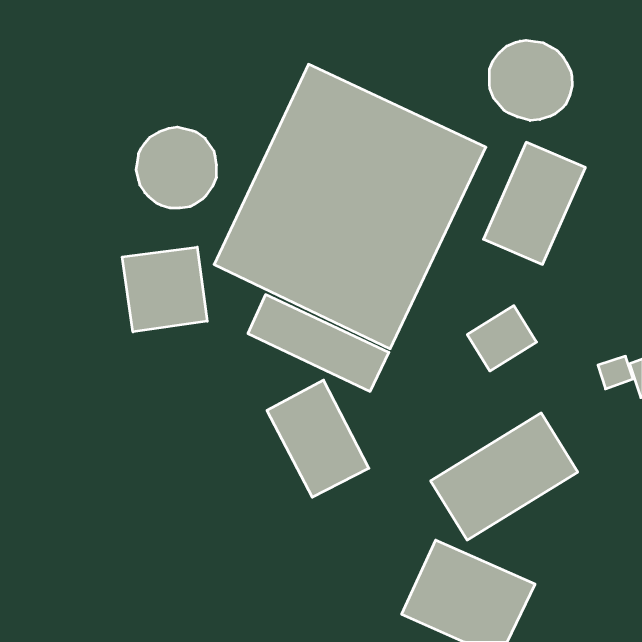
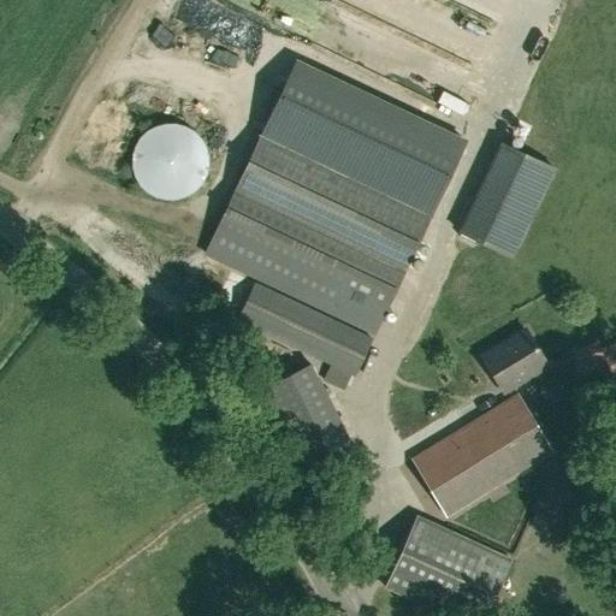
building: [489,40,572,121] -> none
building: [122,247,207,332] -> none
building: [467,306,537,371] -> [482,328,549,391]

